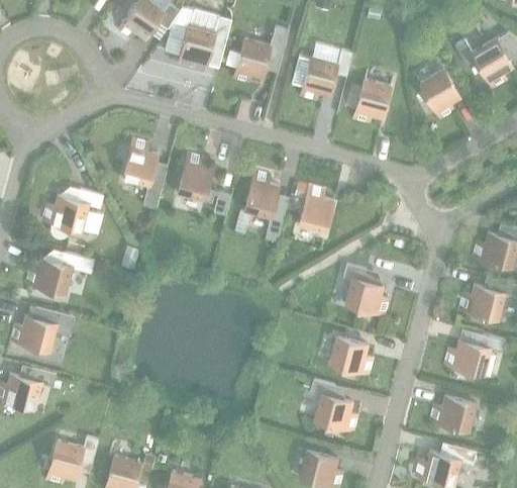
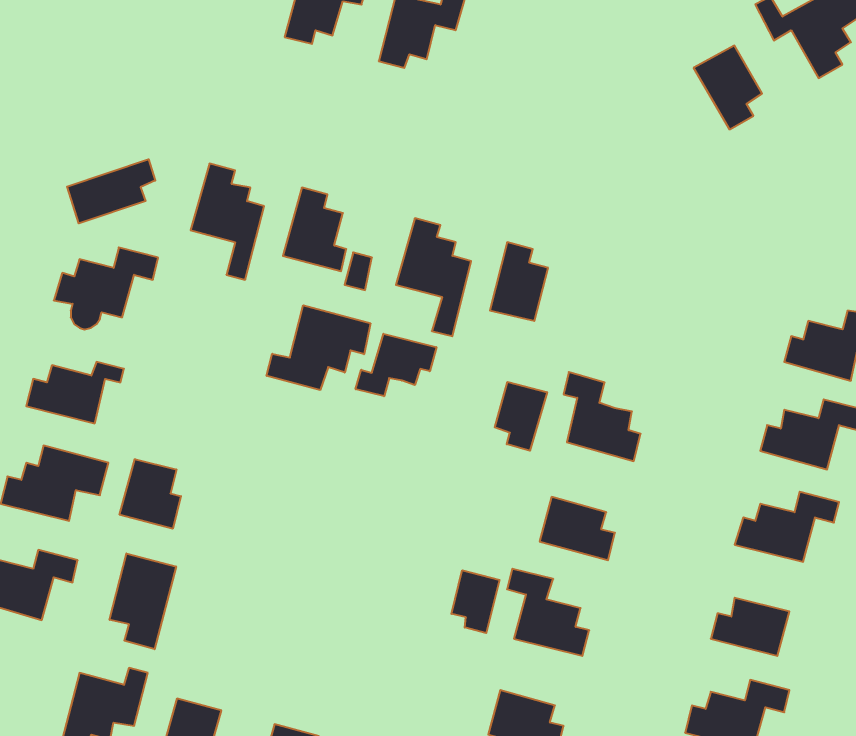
building: [300,58,337,102] -> none
building: [353,81,390,124] -> none
building: none -> [67,159,155,223]
building: none -> [267,305,370,390]
building: none -> [356,334,436,396]
building: none -> [495,382,547,451]
building: none -> [120,459,181,529]
building: none -> [110,553,176,649]
building: none -> [451,570,500,633]

